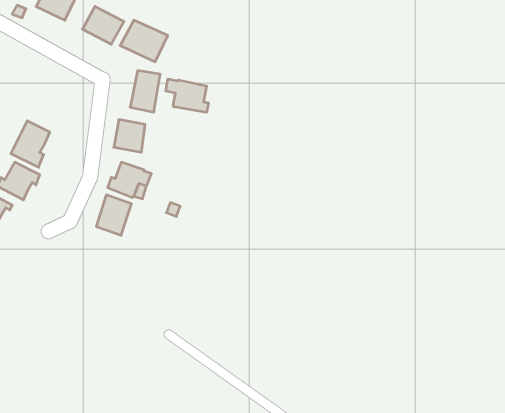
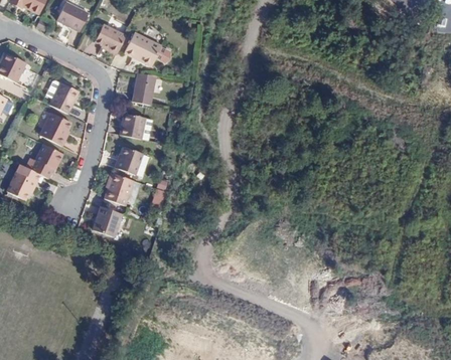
building: none -> [45,78,79,113]
building: [166,79,208,112] -> none
building: none -> [92,204,123,236]

